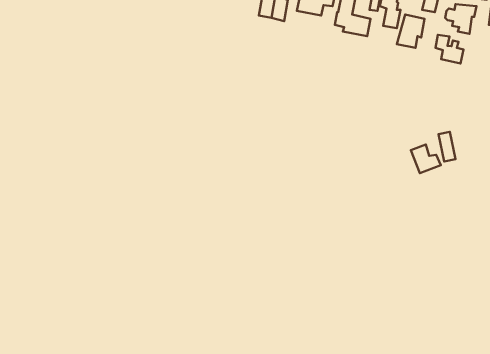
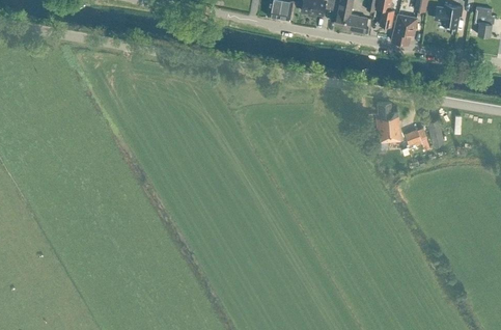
building: [436,35,463,64] -> none
building: none -> [377,104,400,144]

